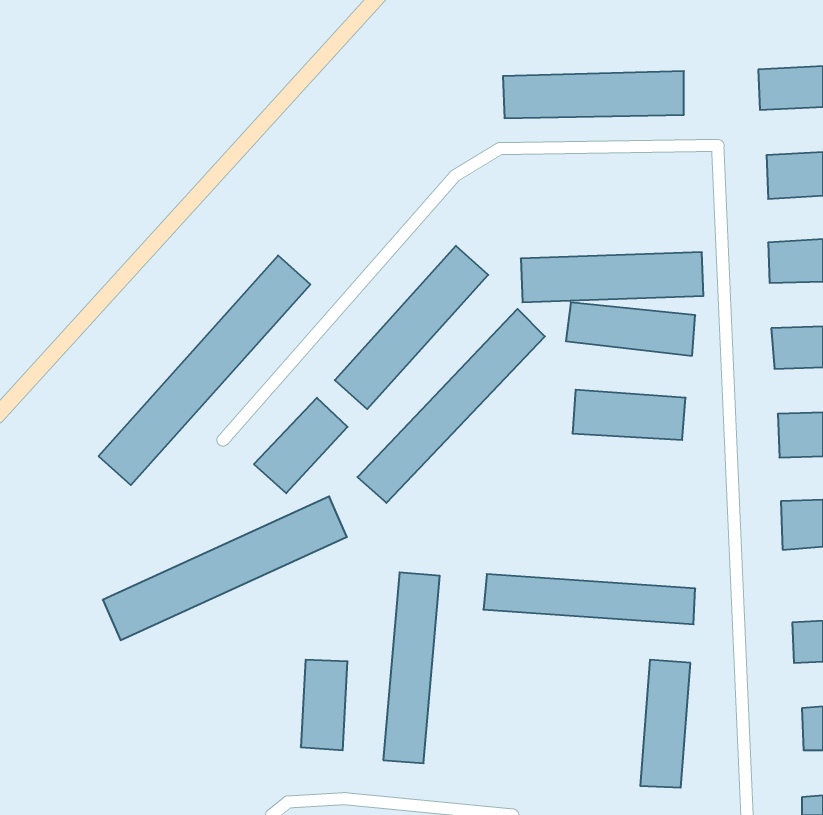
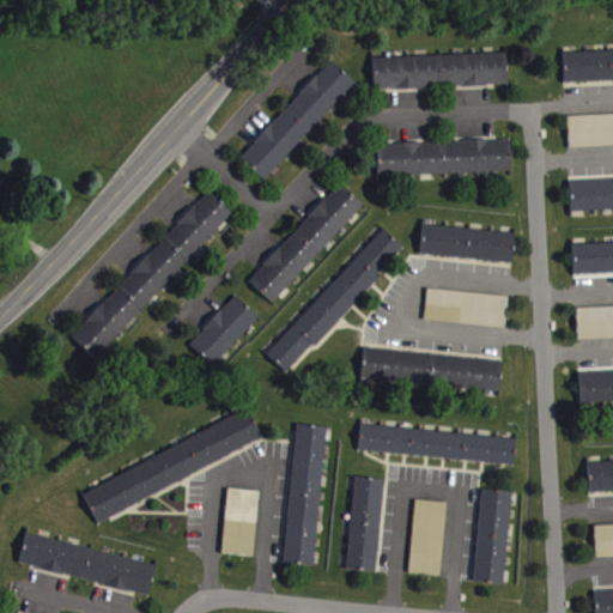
building: none -> [239,60,354,178]
building: [521,252,703,302] -> [376,139,511,176]
building: none -> [360,348,502,390]
building: [103,496,347,640] -> [81,412,262,518]
building: none -> [347,475,383,571]
building: none -> [409,499,445,576]
building: none -> [18,535,156,593]

